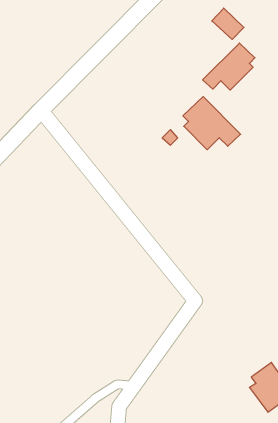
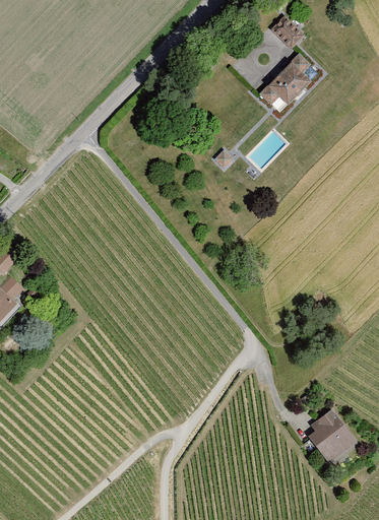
building: [183,97,241,150] -> none

